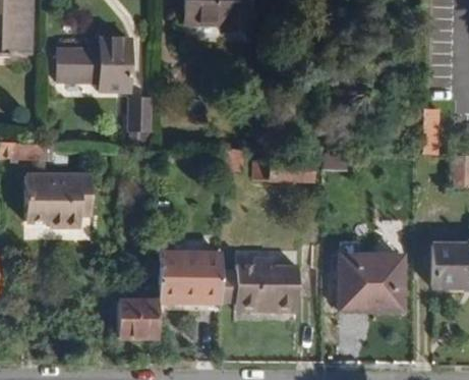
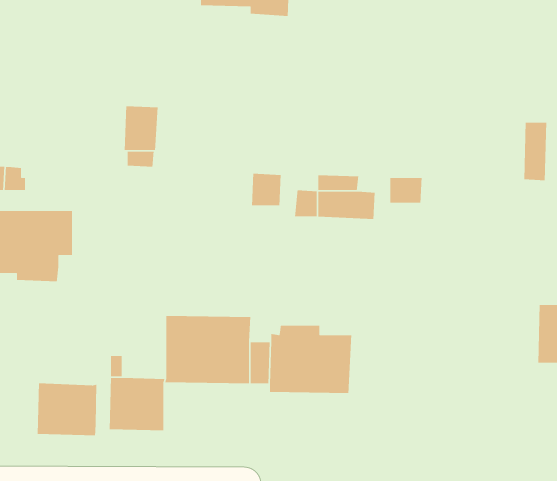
building: [59,38,129,92] -> none
building: [340,255,403,311] -> none
building: none -> [37,382,97,436]

